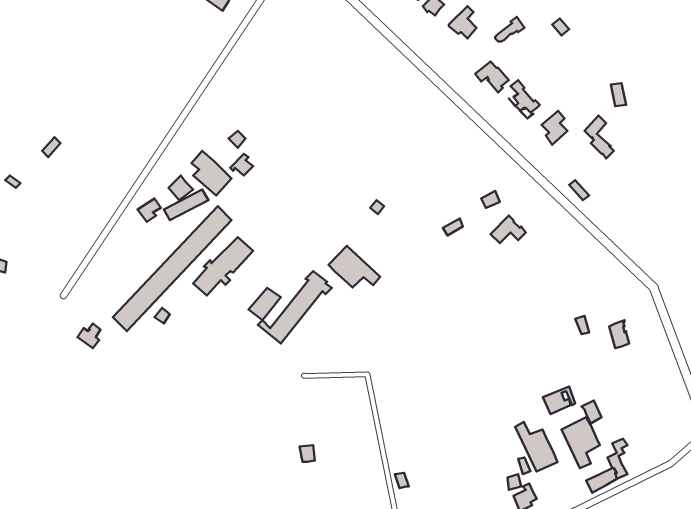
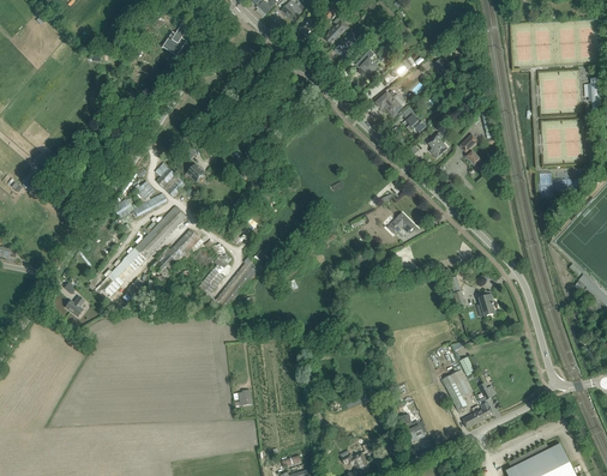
building: [329,246,380,288] -> none
building: [515,422,557,472] -> none

